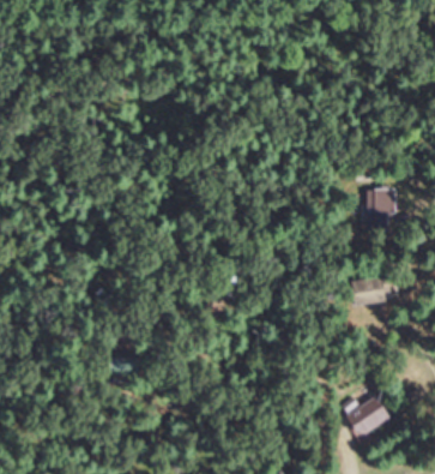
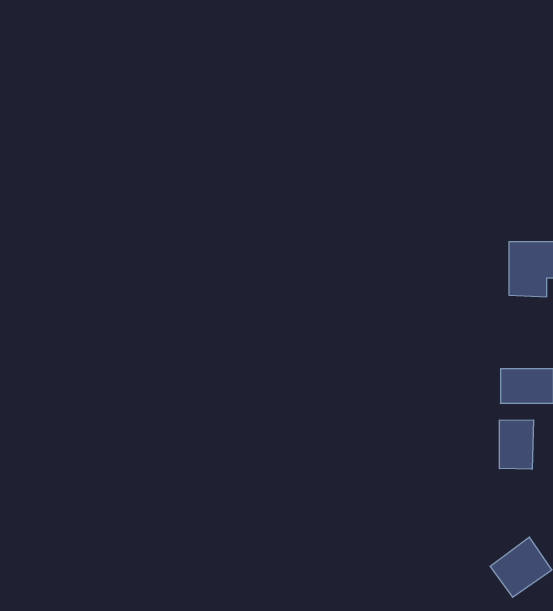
building: none -> [500,420,533,469]

